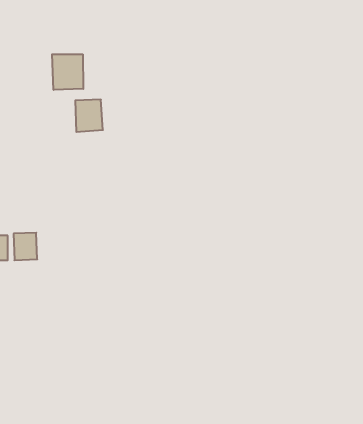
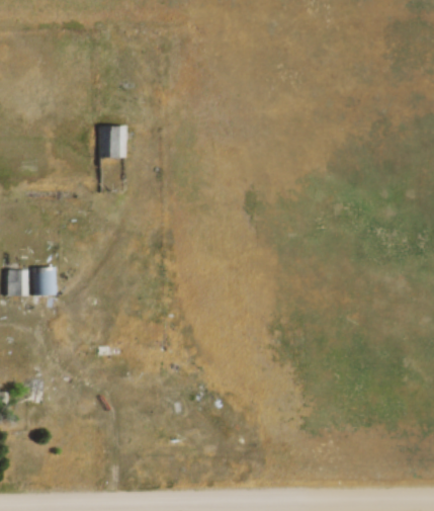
building: [52,54,83,90] -> none

